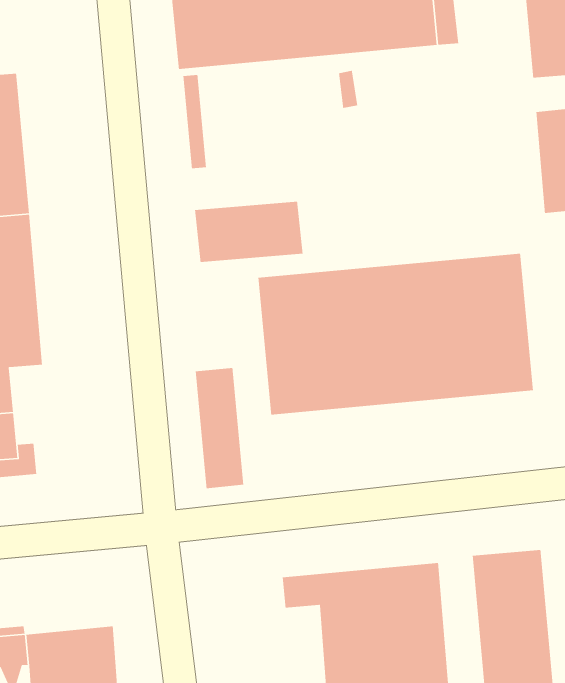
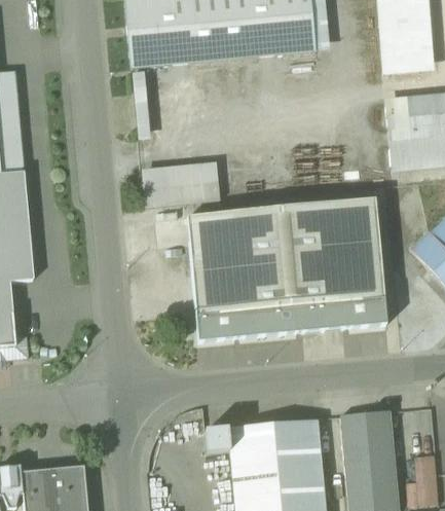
building: [195,367,244,489] -> none
building: none -> [196,297,386,340]

